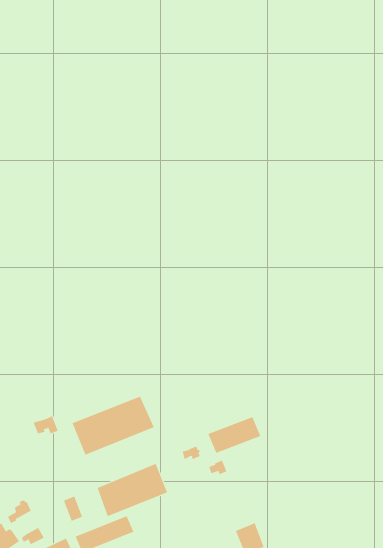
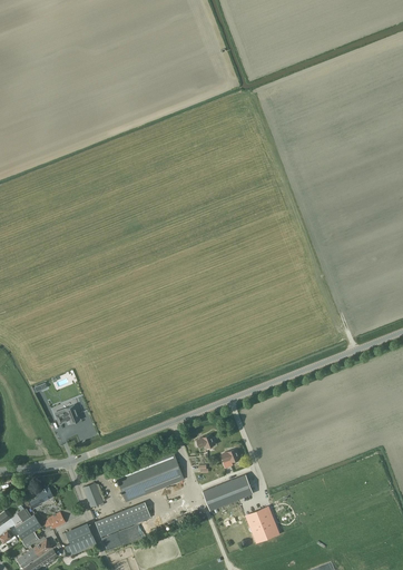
building: [72,396,155,456] -> none
building: [208,416,261,454] -> [203,475,254,511]

